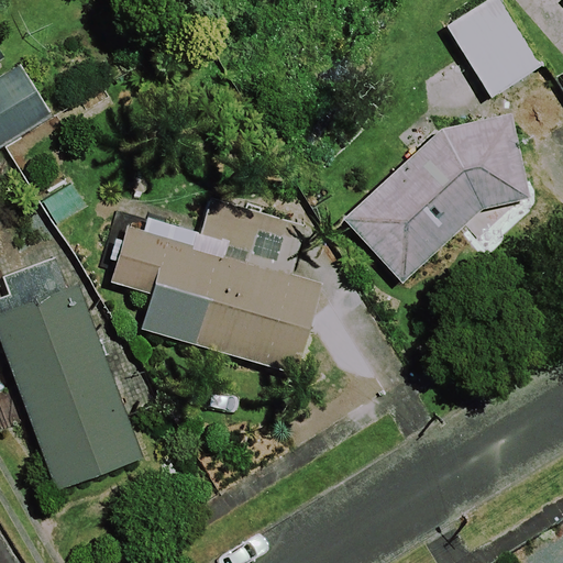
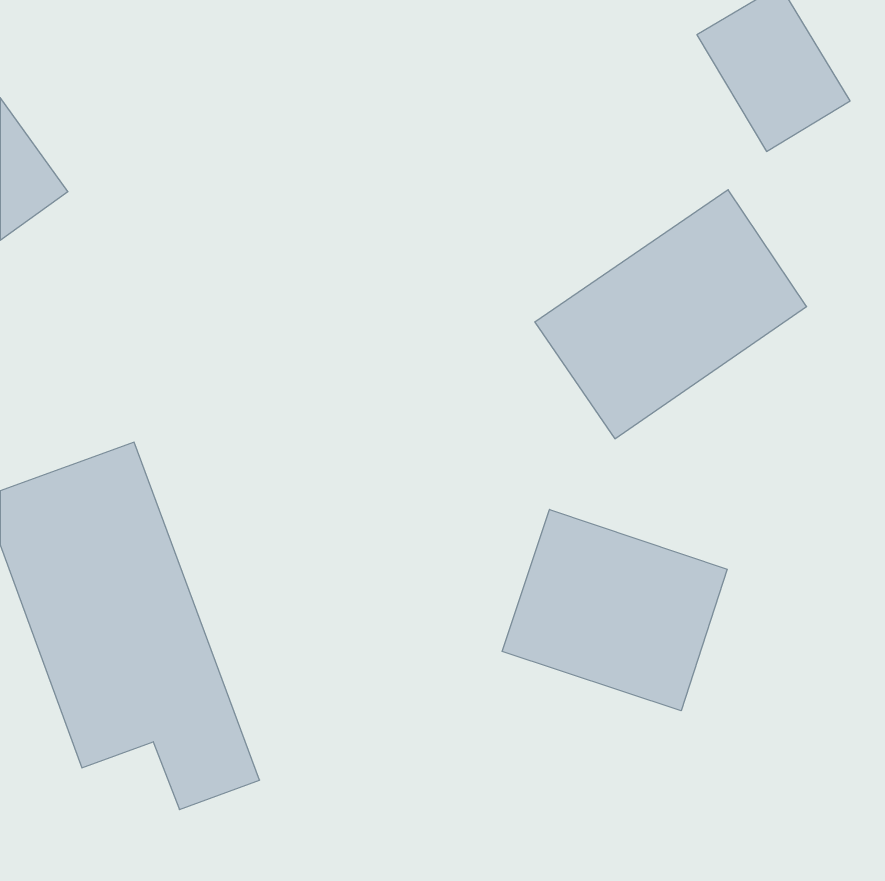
building: [118,235,317,374] -> none
building: none -> [502,509,727,711]

